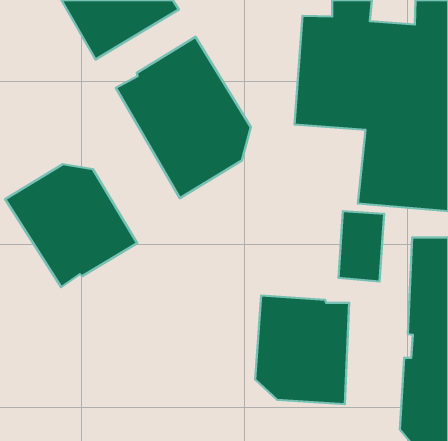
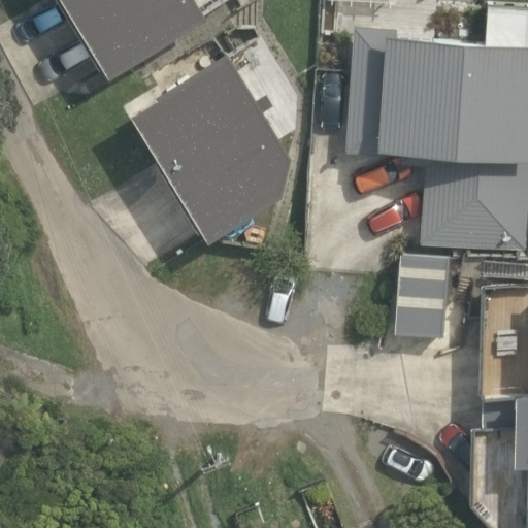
building: [5,164,137,287] -> none
building: [255,296,349,404] -> none

